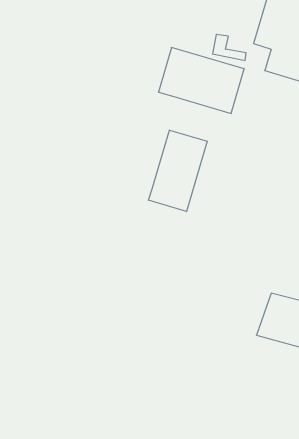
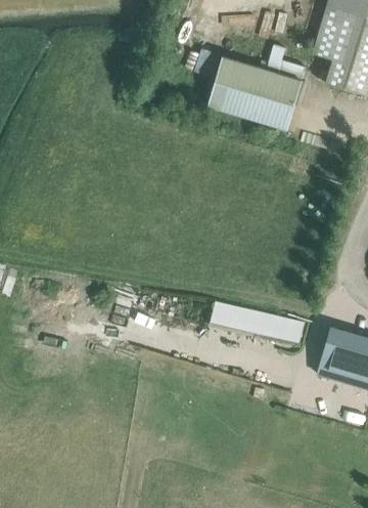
building: [149,130,207,212] -> none
building: none -> [210,302,304,342]

